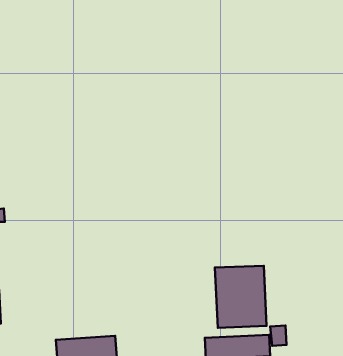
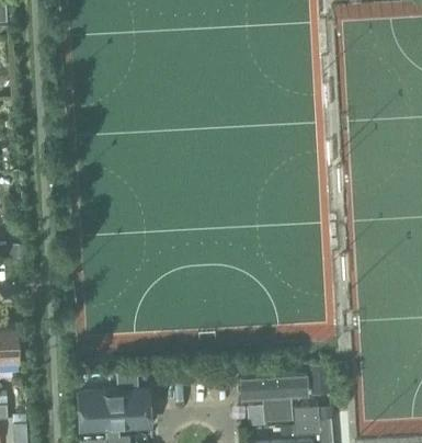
building: [215,266,267,328] -> none

